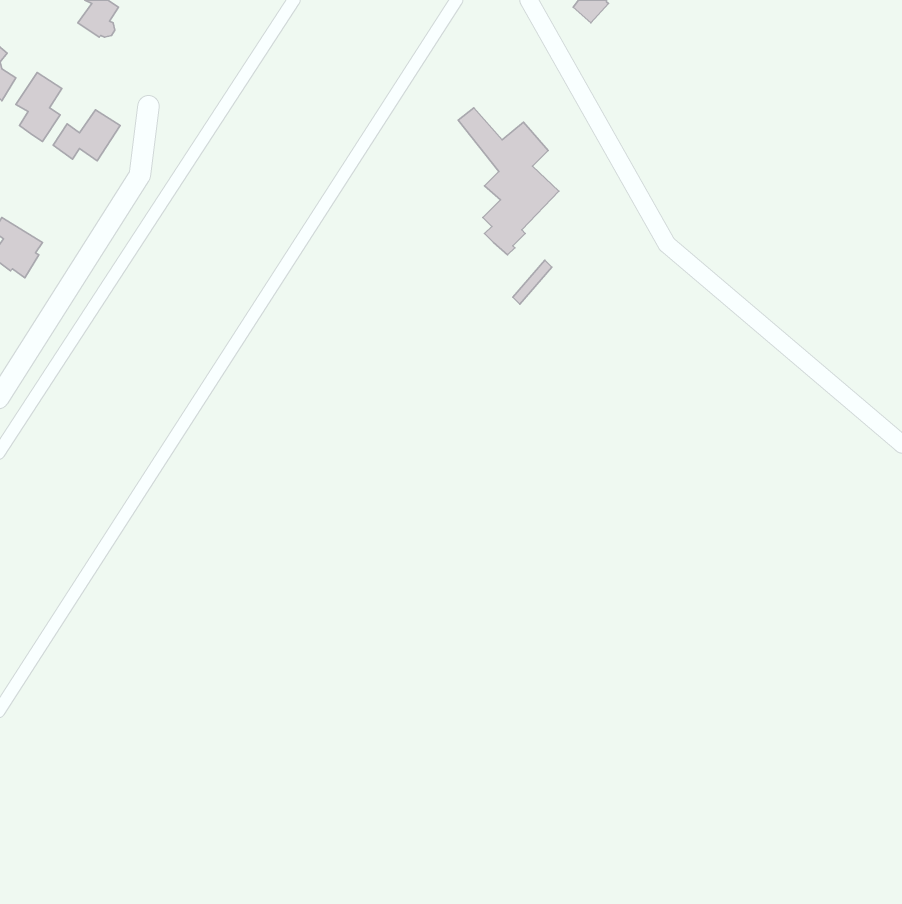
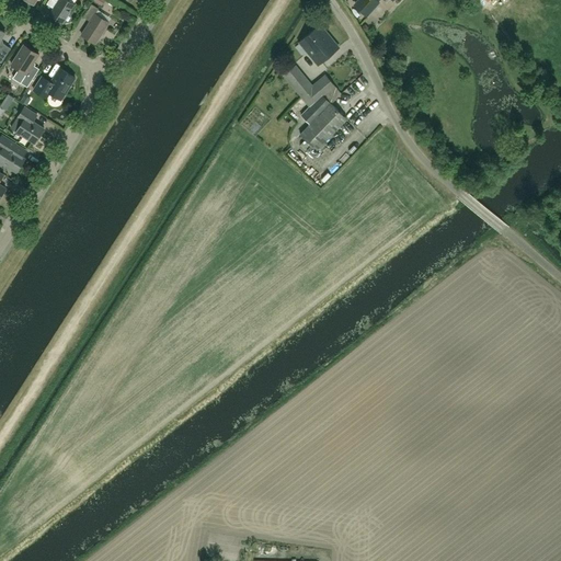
building: none -> [80,4,107,44]
building: none -> [298,25,337,65]
building: none -> [10,107,44,142]

